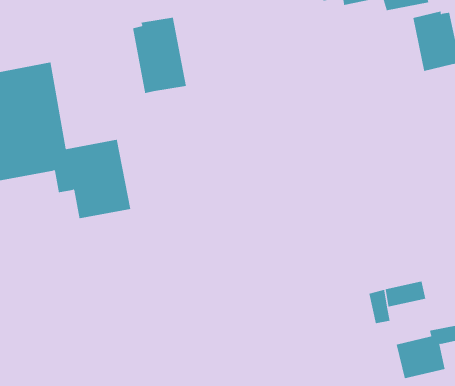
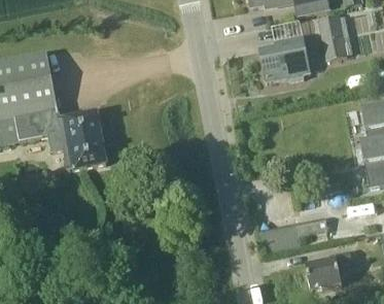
building: [133,17,187,94] -> none
building: none -> [258,35,310,80]

